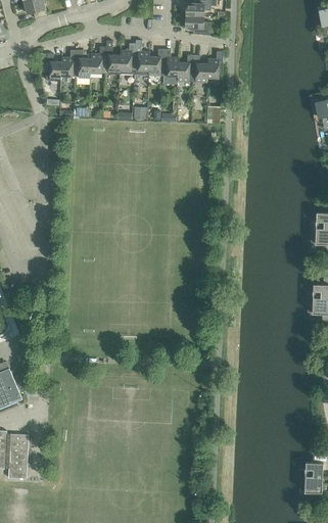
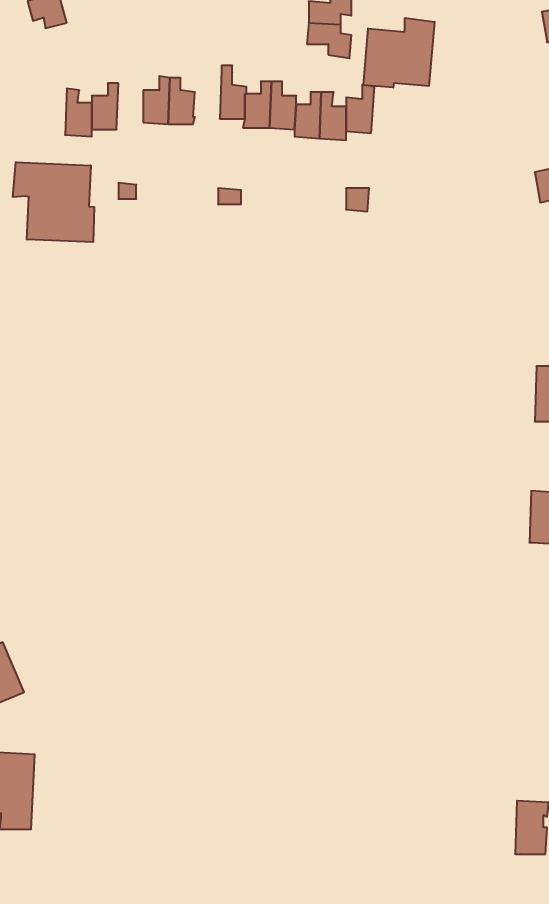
building: none -> [363,18,435,88]
building: [119,43,135,75] -> none
building: [75,50,90,78] -> none
building: none -> [13,162,94,242]

